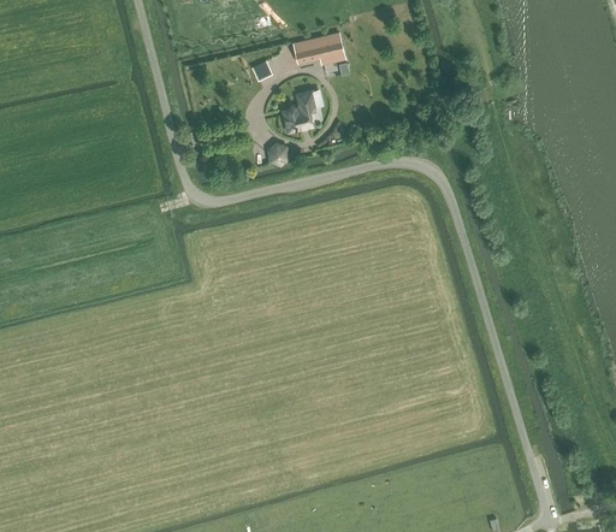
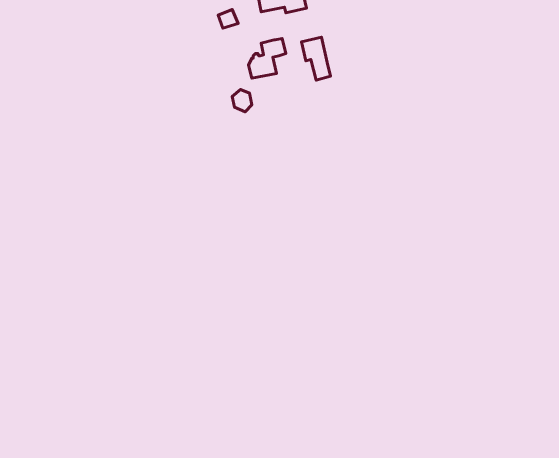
building: none -> [301,37,330,80]

